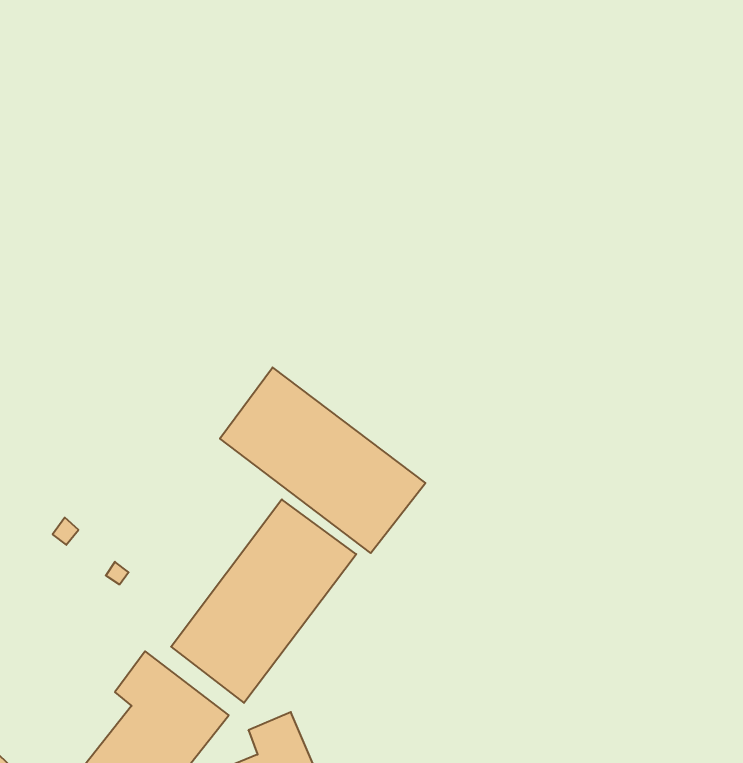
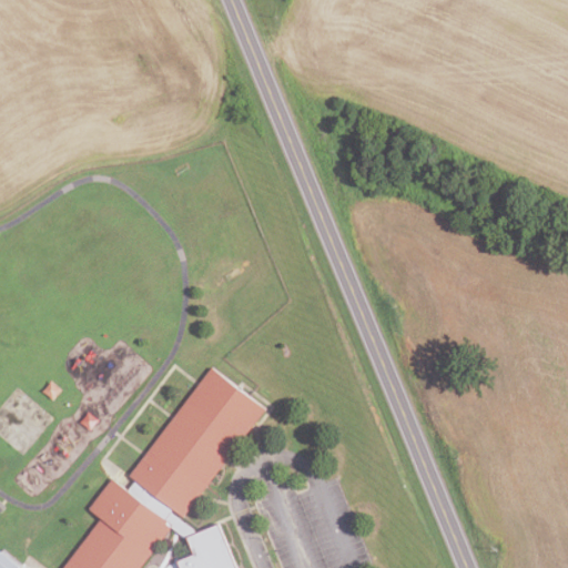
building: [220,367,425,553] -> none

